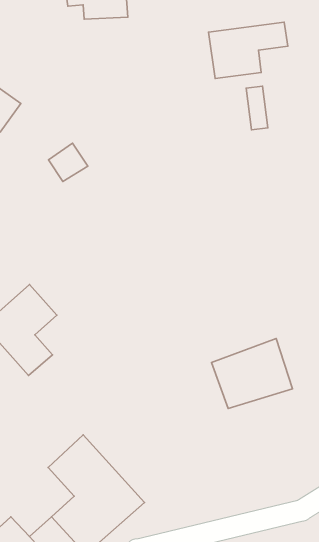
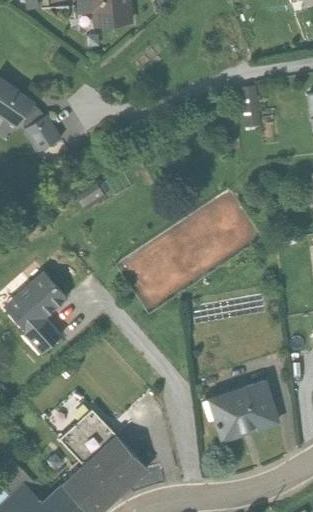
building: [209,22,288,79] -> none
building: [49,143,88,182] -> [26,119,62,154]
building: [212,338,293,409] -> [207,378,281,442]

